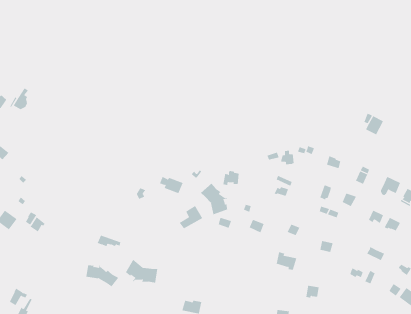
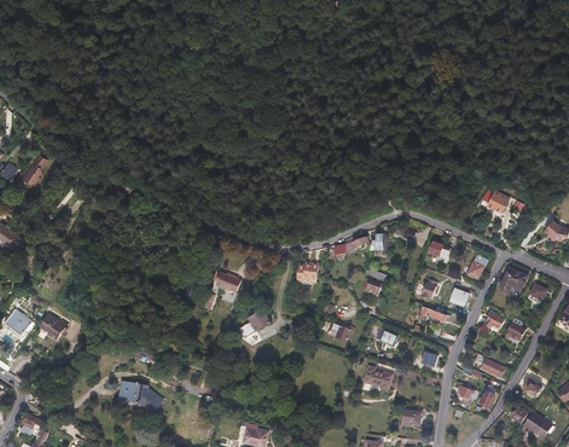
building: [200,183,228,215] -> none
building: [125,259,158,283] -> none

